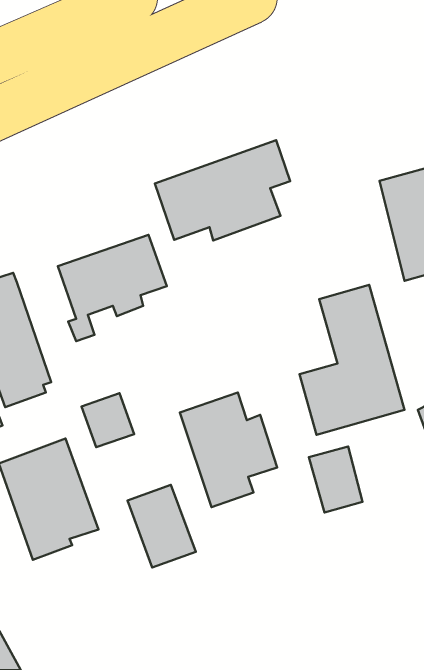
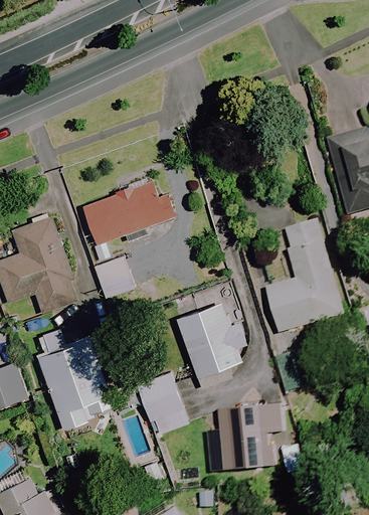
building: [155,140,290,240] -> none
building: [82,393,134,447] -> [94,256,134,298]
building: none -> [210,404,281,472]

